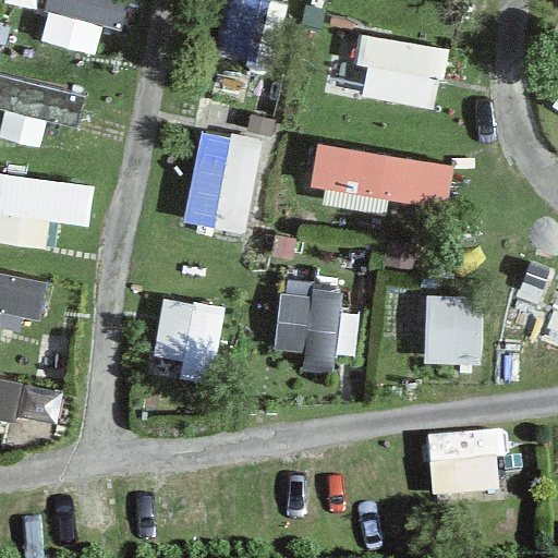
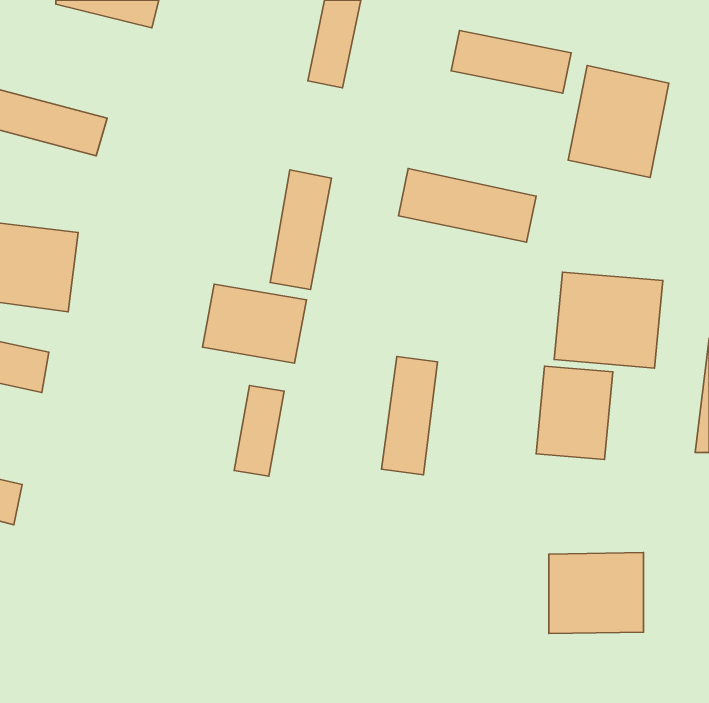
building: none -> [568,66,669,178]
building: none -> [554,272,663,368]
building: none -> [202,284,306,363]

